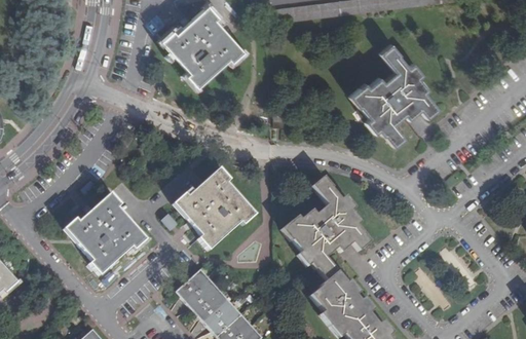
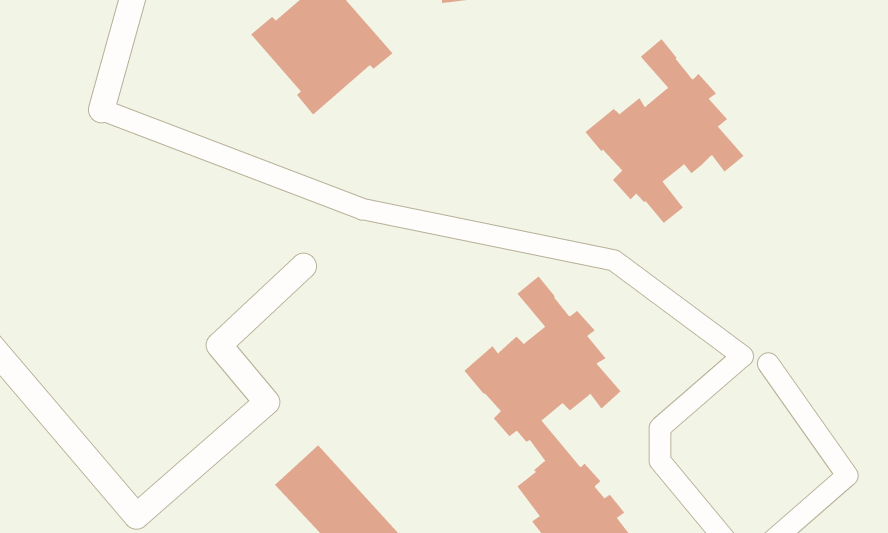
building: [175,168,256,250] -> none
building: [65,193,146,274] -> none

